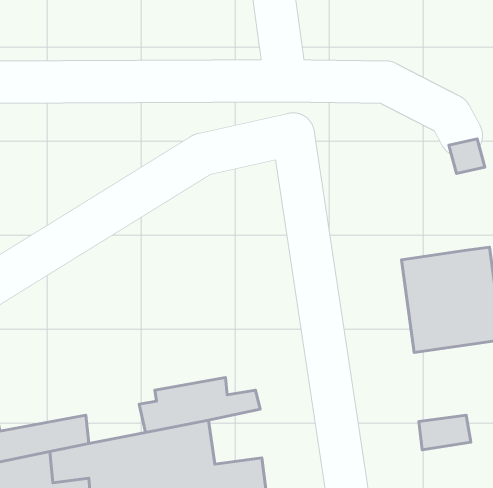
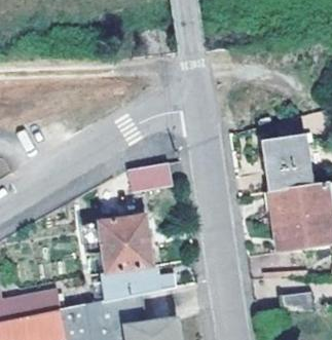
building: none -> [261,133,309,189]
building: none -> [131,162,173,192]
building: none -> [78,217,153,274]

